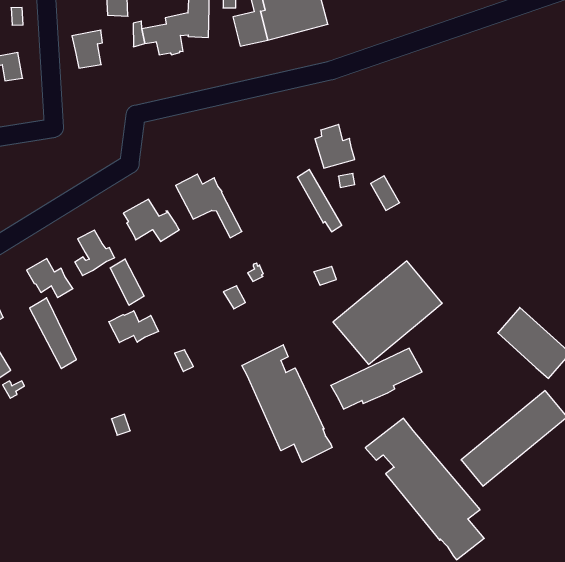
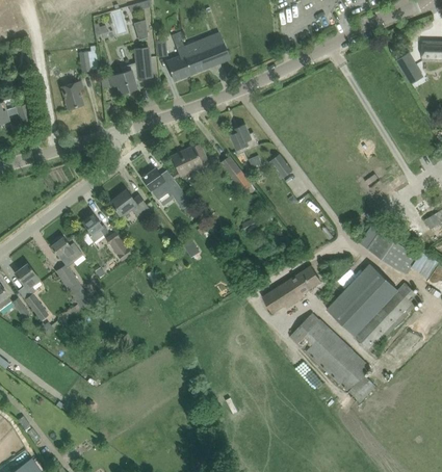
building: none -> [170,145,206,179]
building: [333,261,442,364] -> [327,264,397,336]
building: [109,311,159,343] -> none
building: [242,345,332,462] -> none

